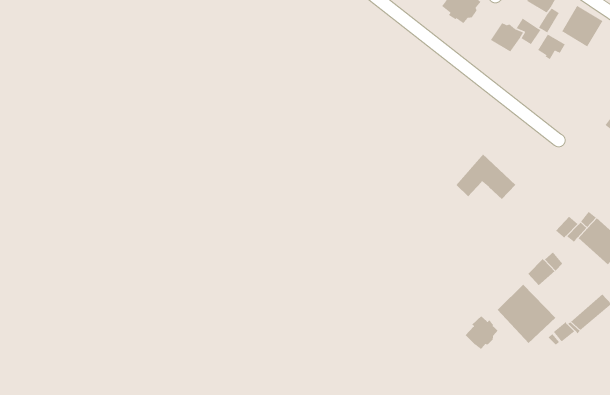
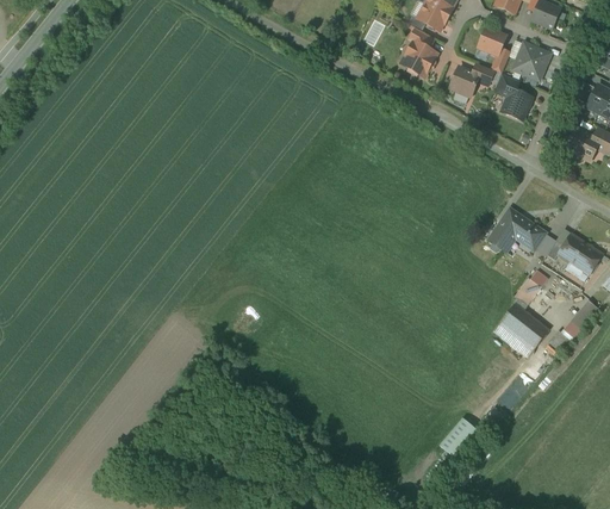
building: none -> [500,88,531,120]
building: [456,153,516,200] -> [488,209,543,250]
building: [465,315,498,350] -> none

